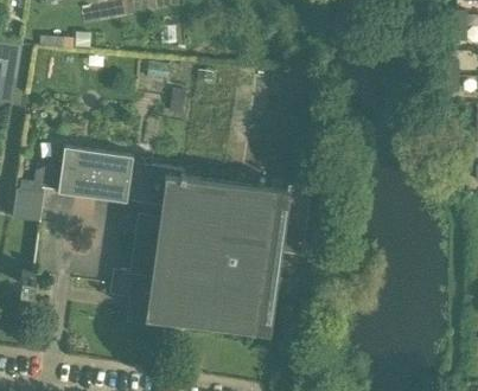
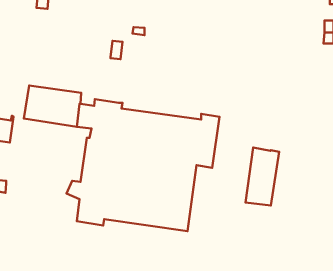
building: none -> [245,148,279,206]

